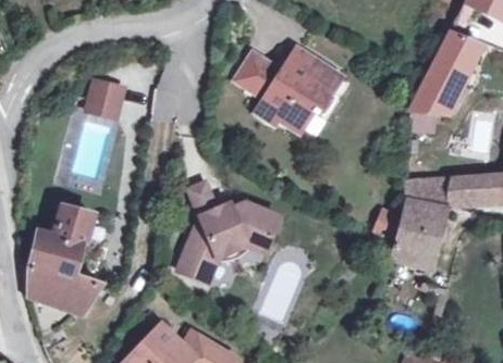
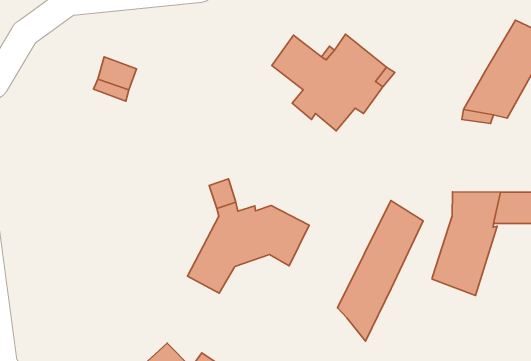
building: none -> [338,200,423,341]
building: [27,208,102,313] -> none

